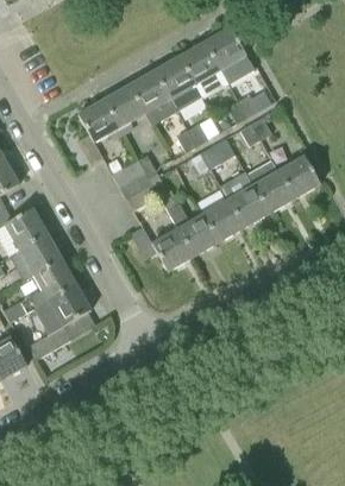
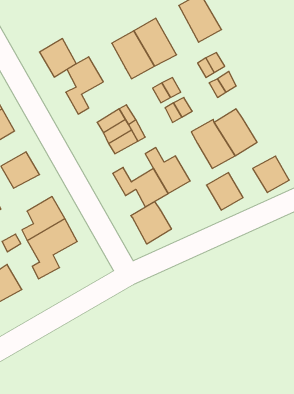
building: [180,42,228,97] -> none
building: [104,84,145,128] -> [39,39,76,77]
building: [278,156,320,197] -> [253,156,289,193]
building: [202,198,244,241] -> [206,173,243,210]
building: [18,234,62,276] -> none
building: none -> [131,201,171,244]

